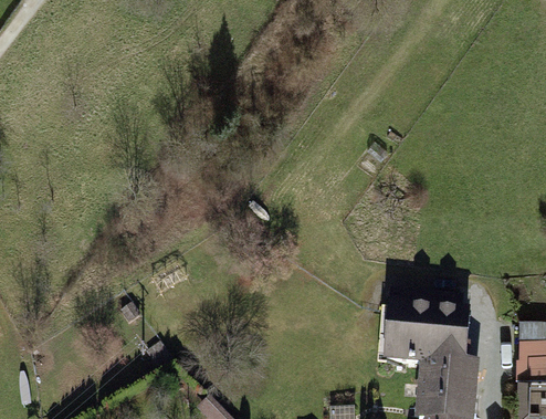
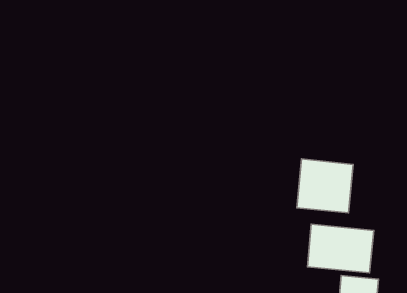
building: none -> [297,159,353,213]

